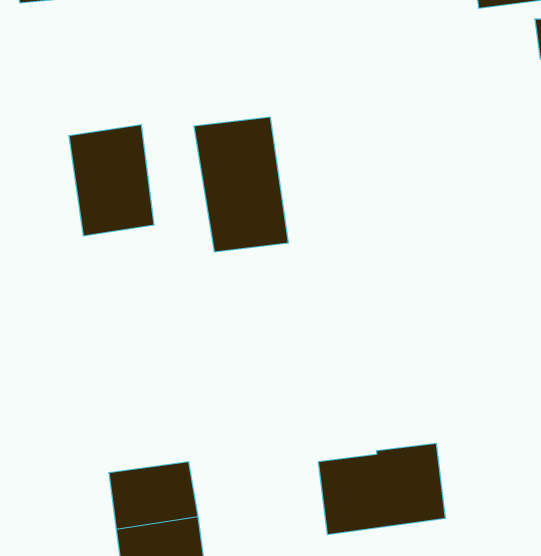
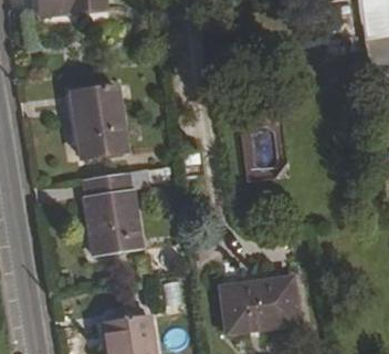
building: [194,117,289,252] -> [82,170,139,252]

